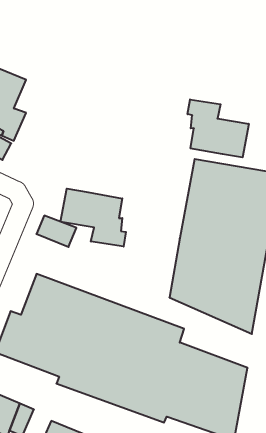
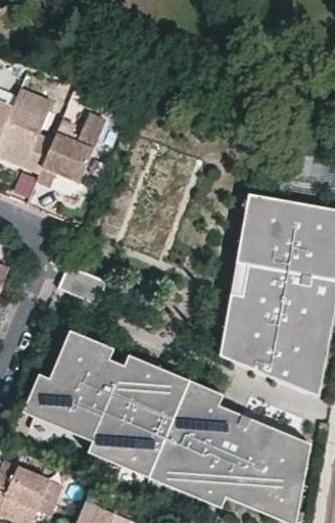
building: none -> [35,113,105,186]
building: [188,99,249,157] -> none
building: [61,189,126,247] -> none

